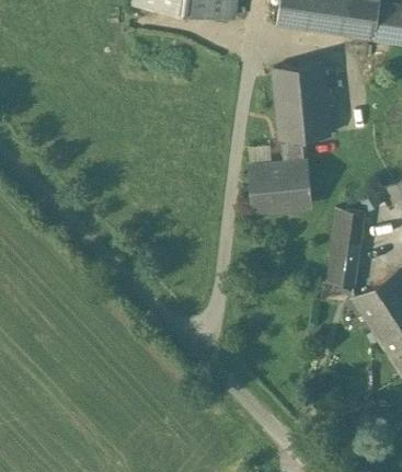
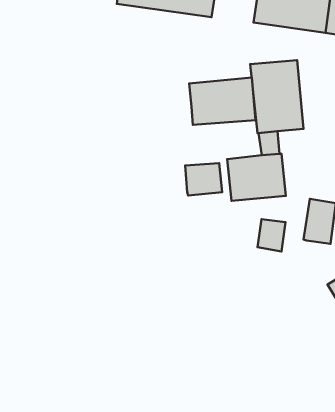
building: none -> [189,78,256,125]
building: none -> [185,163,222,196]
building: [326,254,356,288] -> [257,219,286,251]

